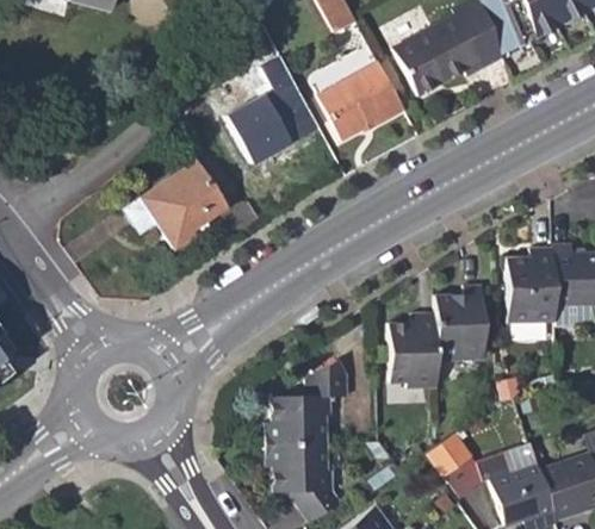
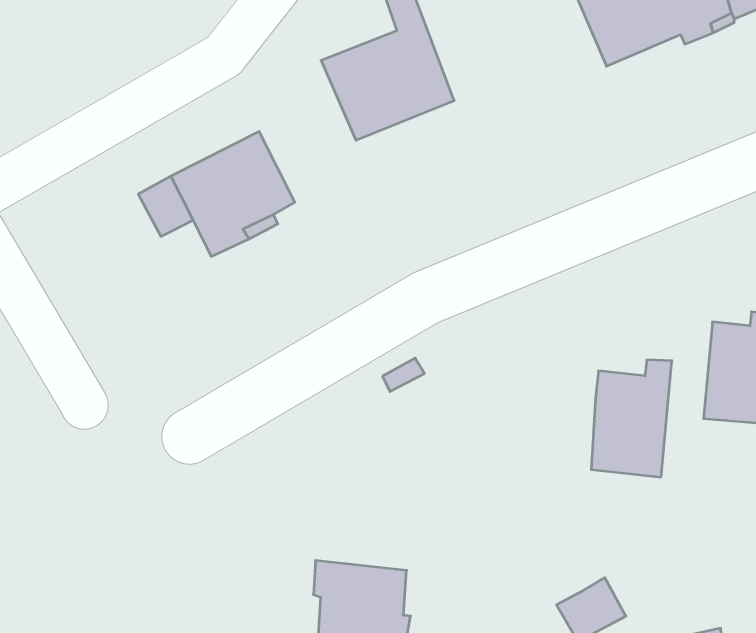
building: [318,60,407,139] -> none
building: [390,313,439,387] -> none
building: [264,357,345,441] -> none

